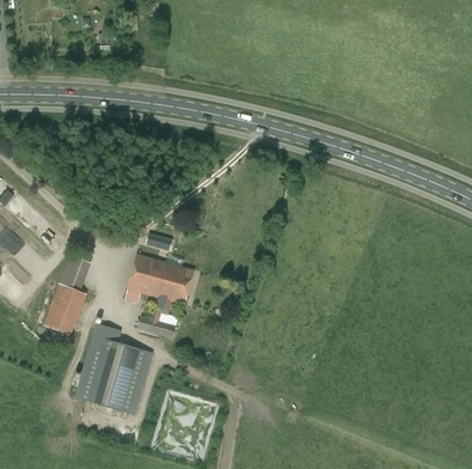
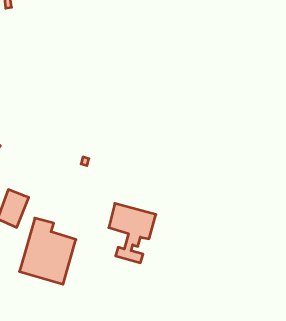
building: [59,254,91,291] -> none
building: [128,254,194,336] -> [109,203,156,263]

